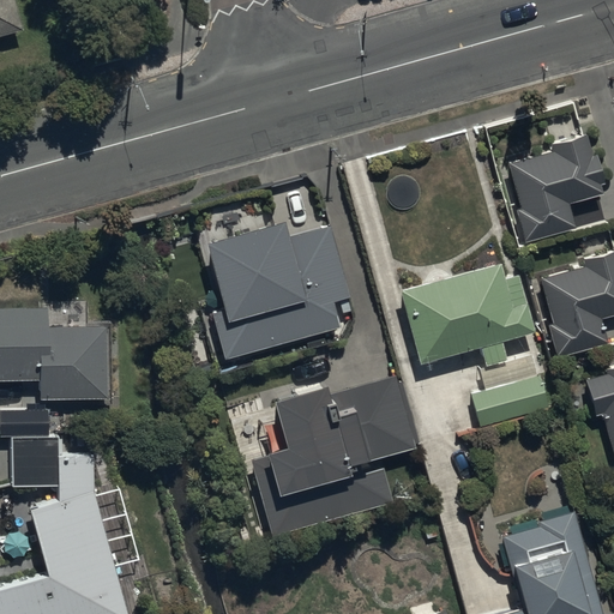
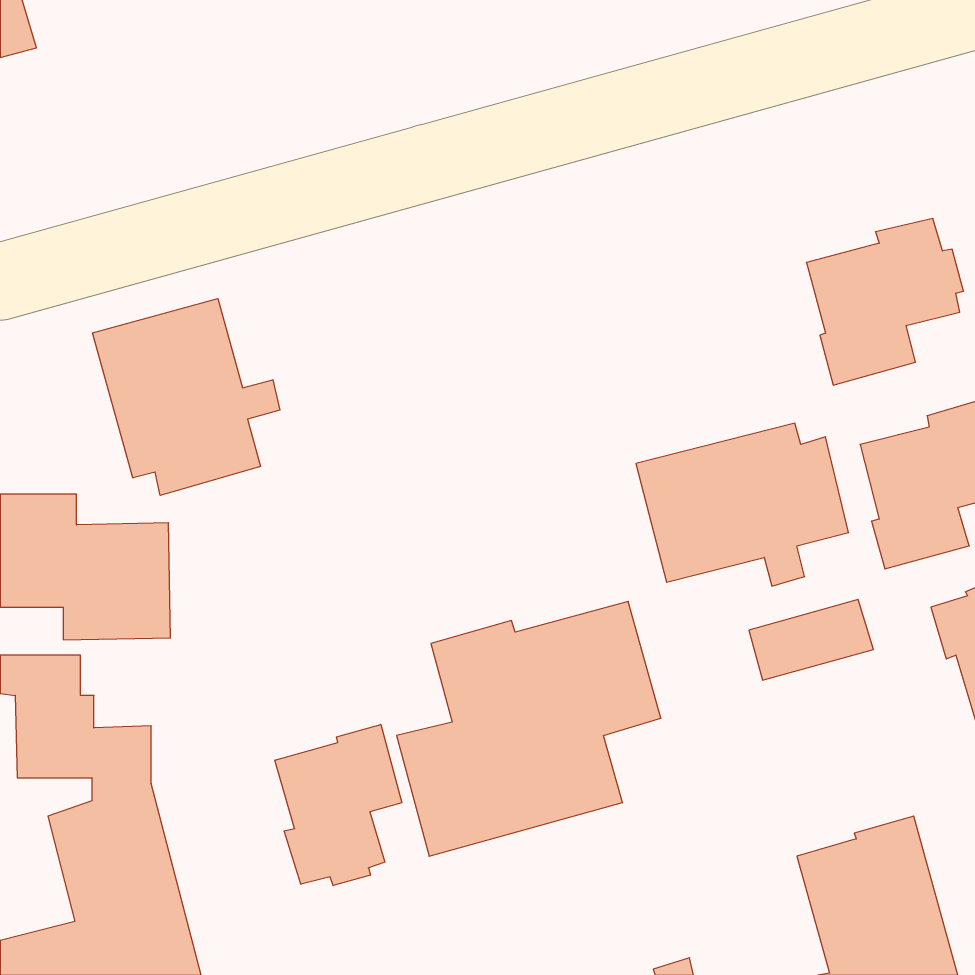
building: none -> [92,299,280,495]
building: [204,223,351,360] -> none
building: none -> [275,724,402,886]

